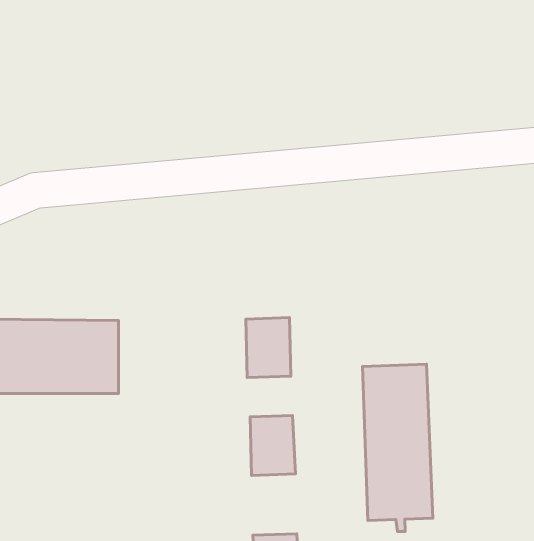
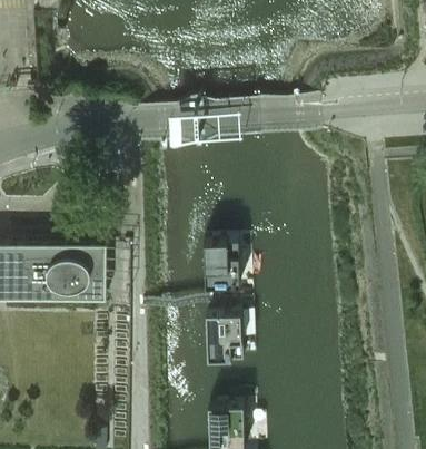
building: [363,364,433,532] -> none

